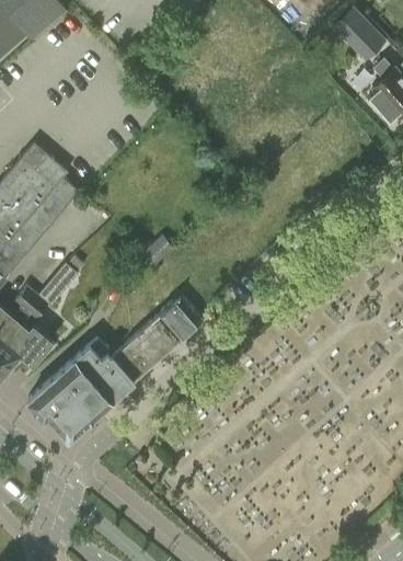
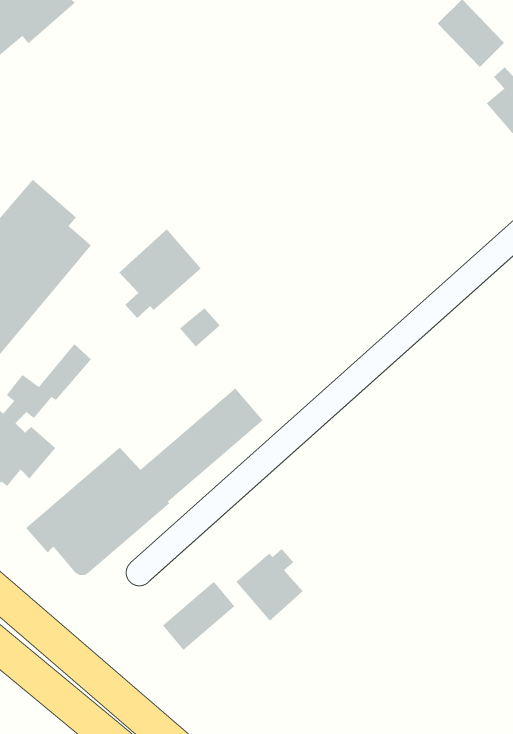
building: none -> [118,228,202,319]
building: none -> [236,548,303,622]
building: none -> [162,581,235,651]

